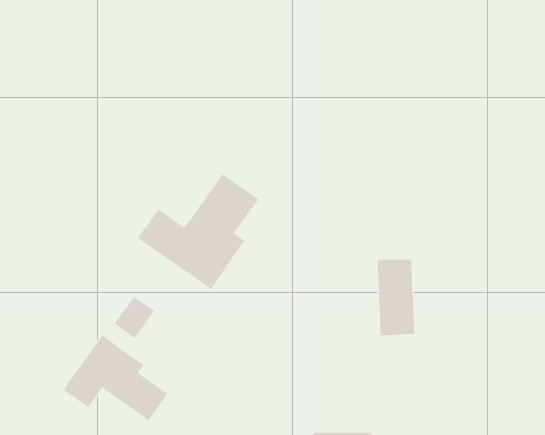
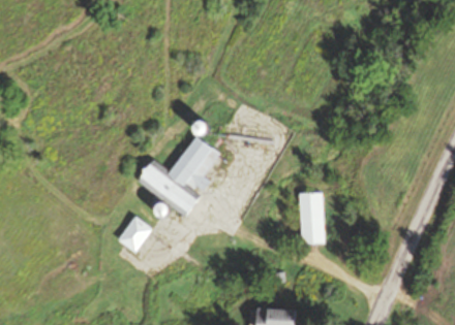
building: [62,334,168,421] -> none

